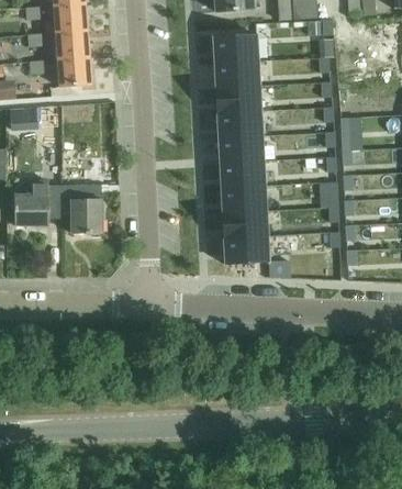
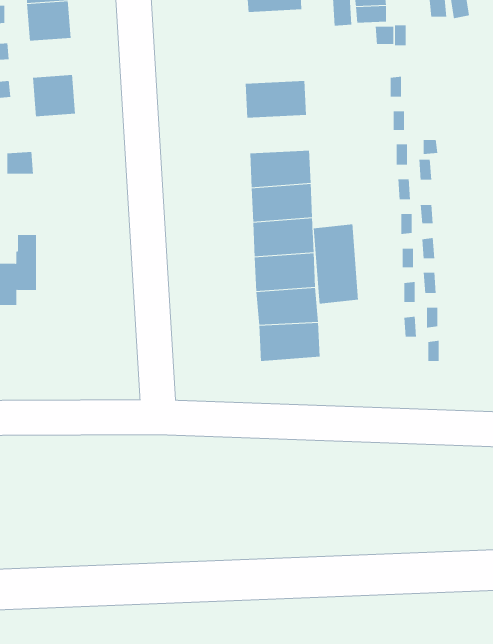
building: [56,30,88,58] -> none
building: [212,34,257,63] -> none
building: [214,86,260,113] -> none
building: none -> [313,223,359,304]
building: [62,185,101,234] -> none

